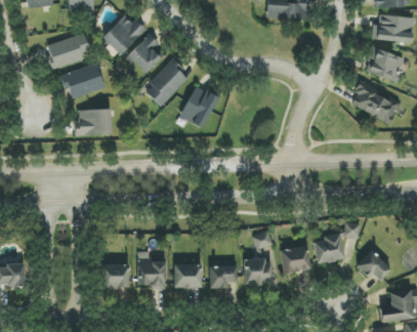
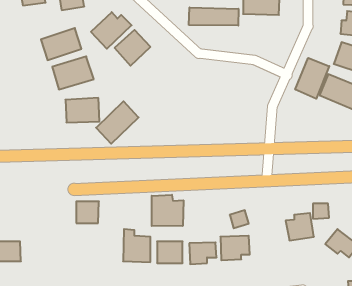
building: none -> [189,7,238,26]
building: [143,60,190,107] -> [96,101,139,144]
building: none -> [295,58,329,99]
building: [178,86,218,129] -> none
building: none -> [152,195,183,226]
building: [279,246,310,274] -> none
building: [105,264,129,288] -> [76,201,99,223]

